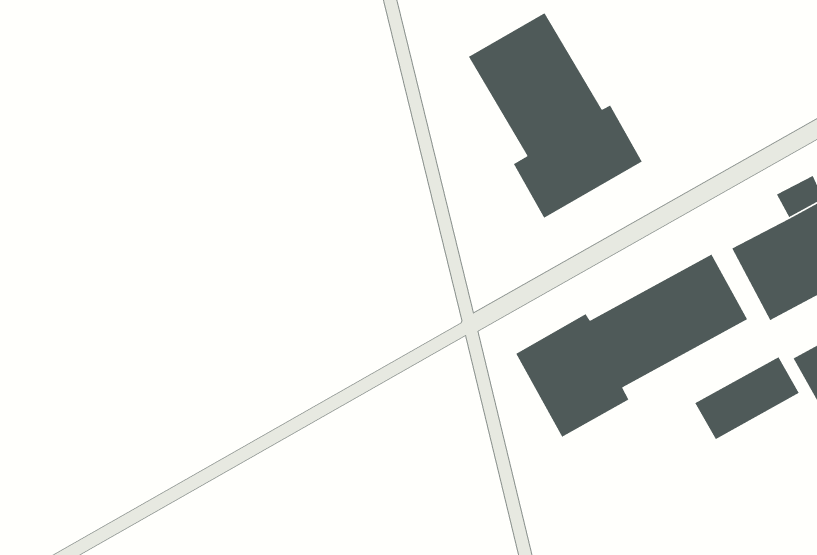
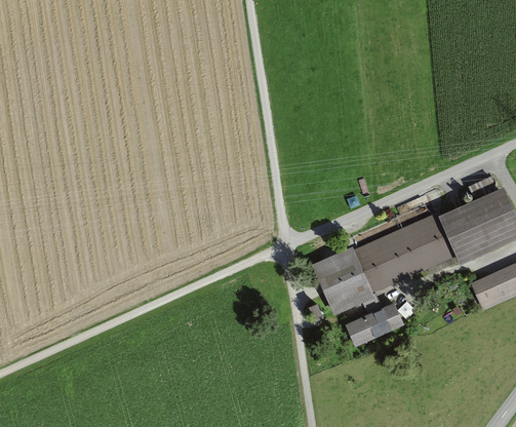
building: [468,12,643,219] -> none
building: [694,356,800,440] -> [345,302,406,347]

